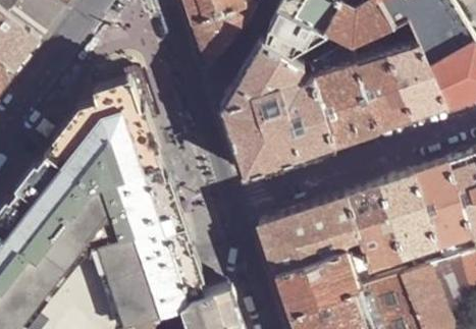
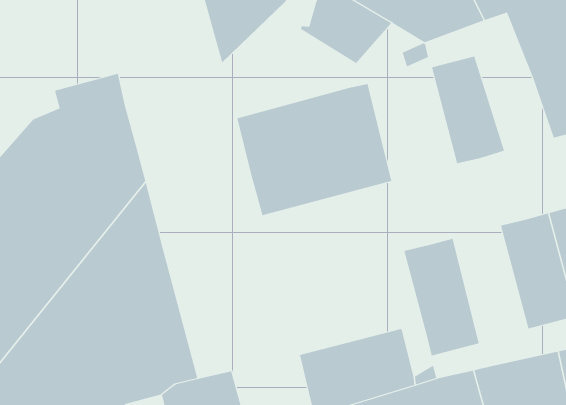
building: [219,44,302,110] -> none
building: [385,45,444,121] -> none
building: [311,65,377,148] -> none
building: [378,174,435,259] -> none
building: [257,197,358,275] -> none

